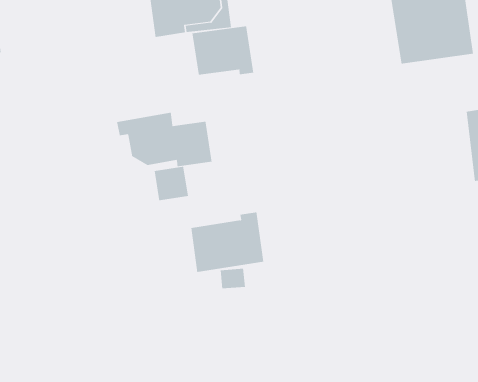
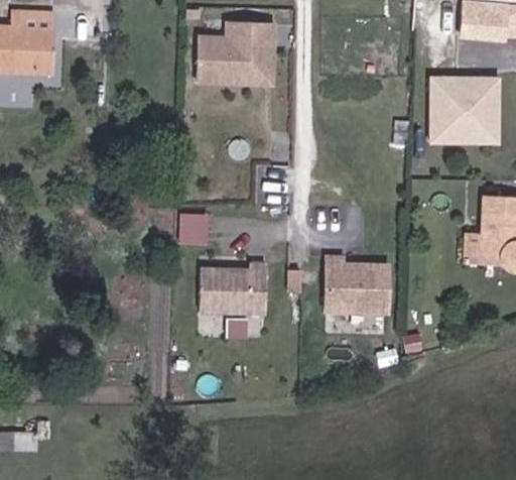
building: [192,25,254,76] -> none
building: [116,112,212,167] -> none
building: none -> [329,254,393,310]

